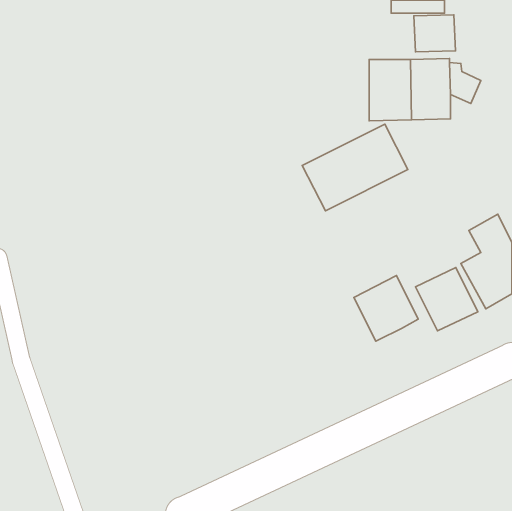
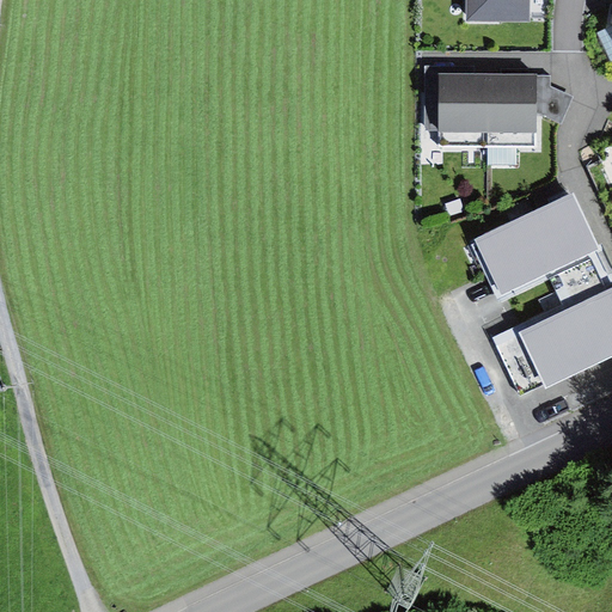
building: [414,15,455,52] -> none
building: [302,124,408,211] -> [473,189,599,292]
building: [354,275,418,341] -> none

